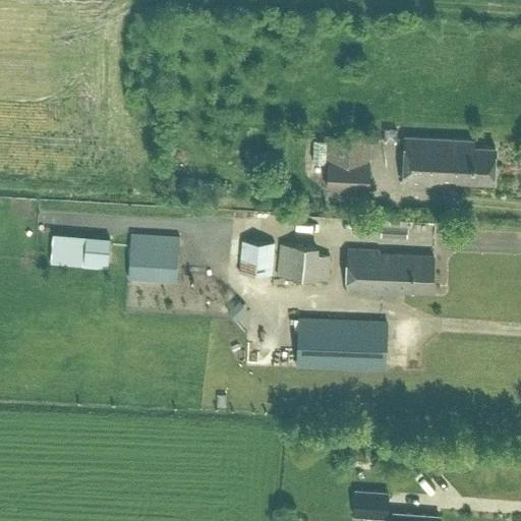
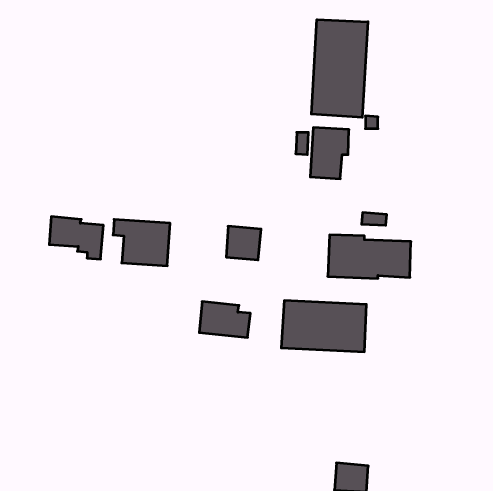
building: none -> [311,20,368,117]
building: [405,138,493,184] -> none
building: [277,245,331,283] -> [199,302,250,337]

